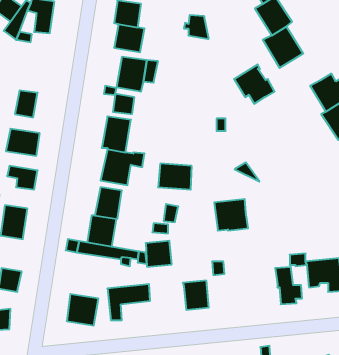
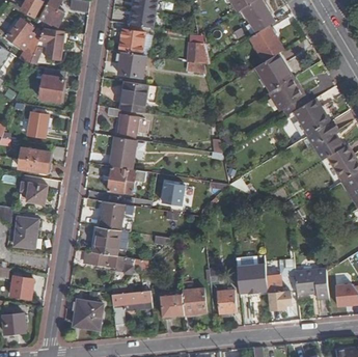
building: none -> [39,67,65,102]
building: [234,64,275,104] -> [271,78,308,114]
building: [214,199,248,231] -> [238,264,269,293]
building: [146,241,172,267] -> [161,293,185,317]
building: none -> [214,291,237,313]

